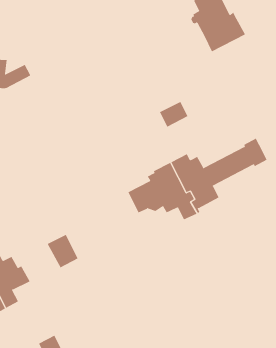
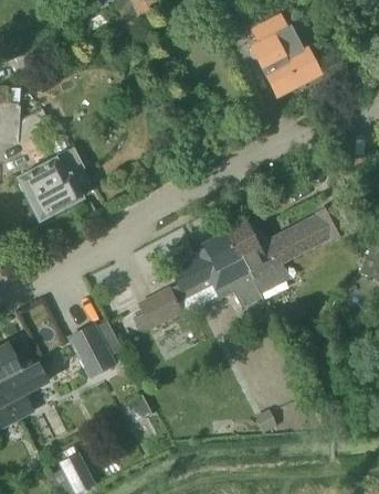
building: none -> [18,149,92,219]
building: [159,101,188,127] -> none
building: none -> [139,288,182,327]

